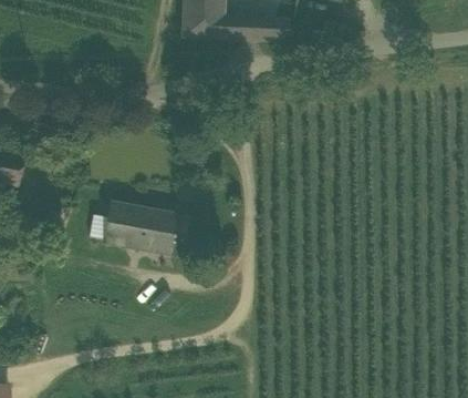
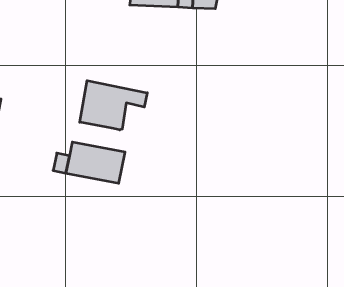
building: none -> [80,81,147,130]

